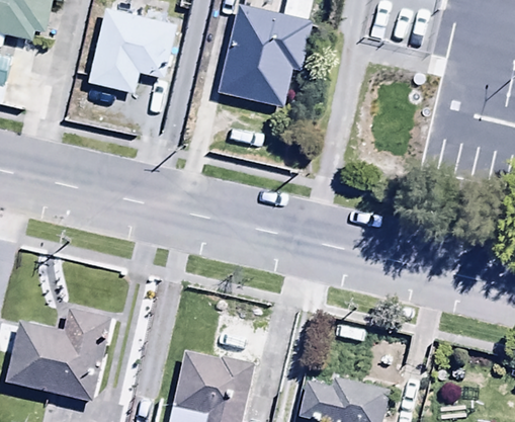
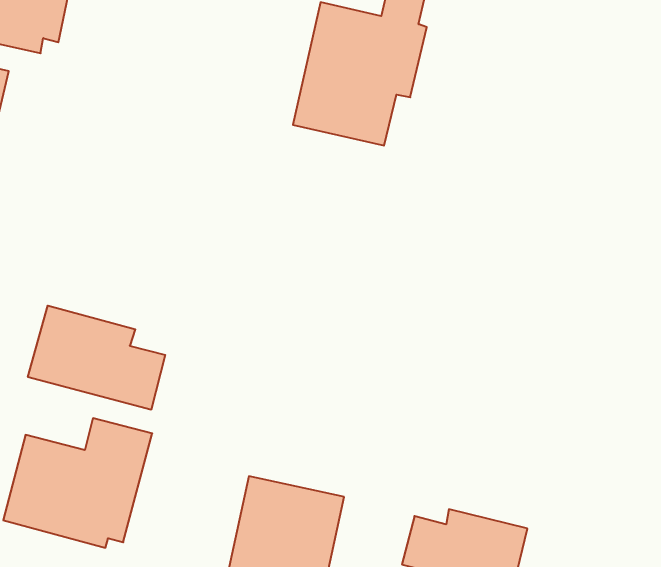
building: [88,6,178,94] -> none
building: none -> [28,306,165,410]

